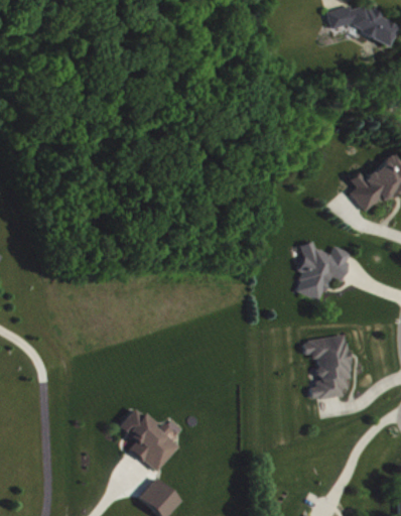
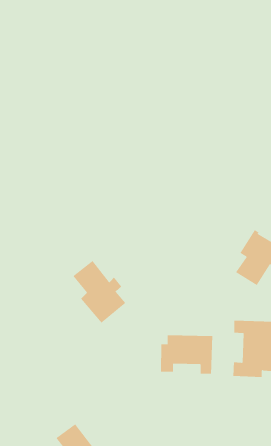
building: none -> [160,335,213,375]
building: [118,407,178,472] -> [73,260,126,324]

